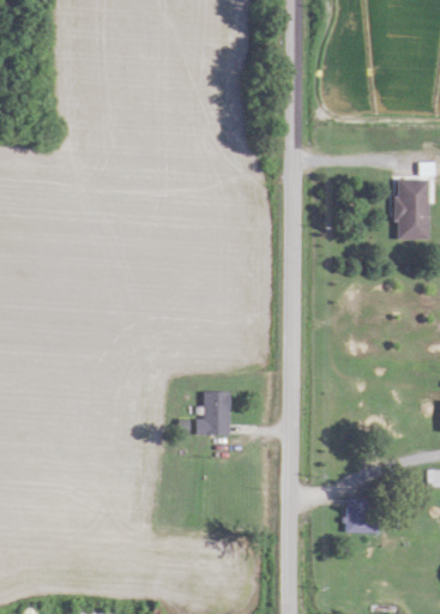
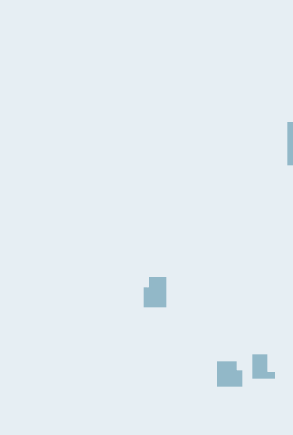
building: none -> [217,361,243,388]

